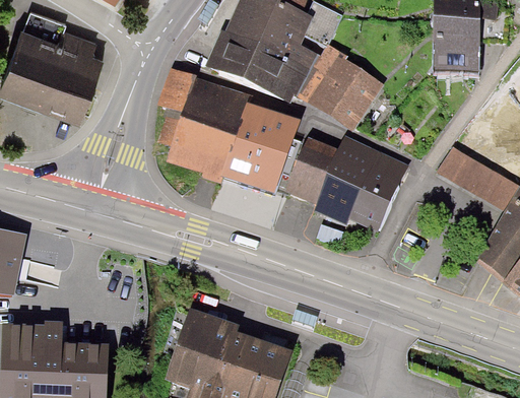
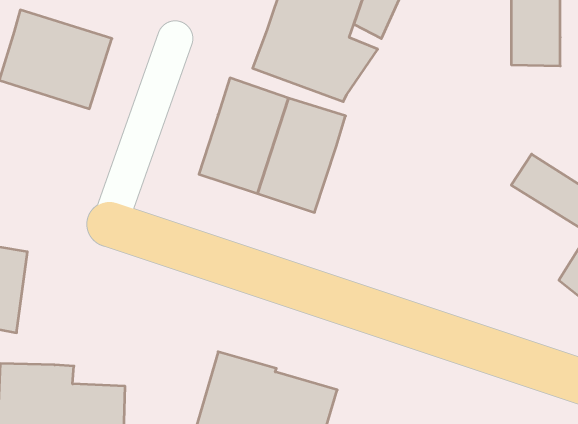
building: [297,49,382,132] -> none
building: [164,74,197,113] -> none
building: [287,135,407,230] -> none

